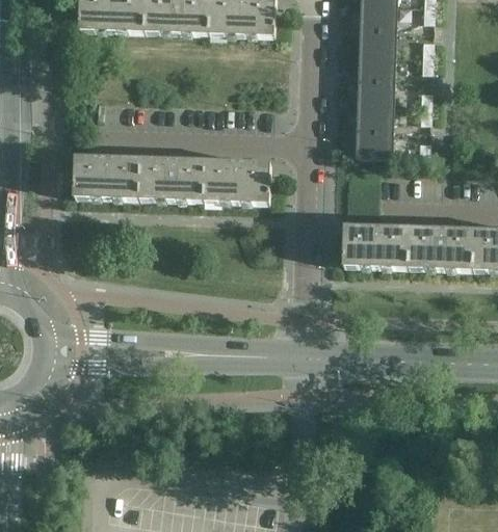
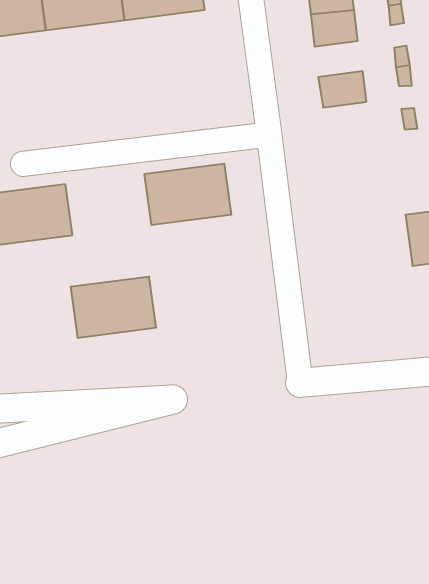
building: [357,78,393,104] -> none
building: [356,128,392,156] -> none
building: [139,156,205,200] -> [70,277,156,338]
building: [342,222,409,266] -> none

